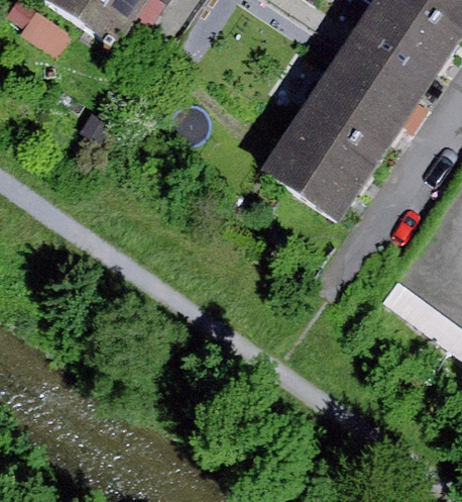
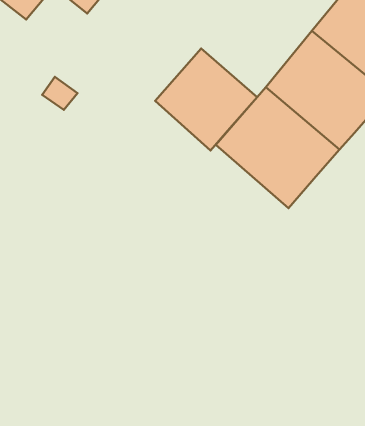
building: none -> [155,49,257,151]

